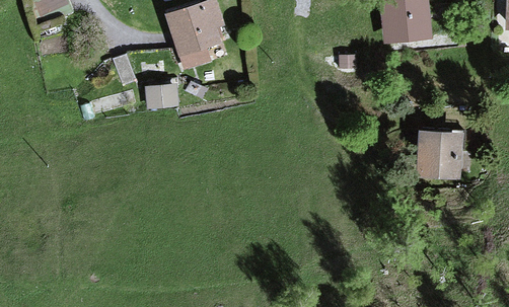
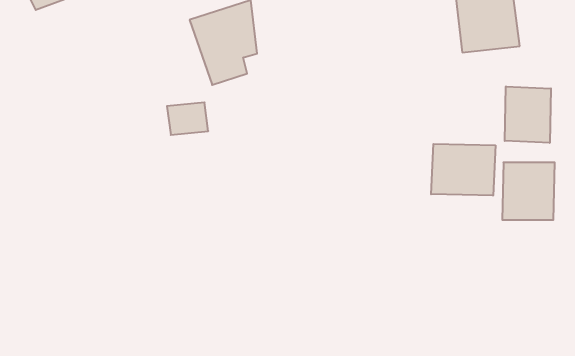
building: none -> [505,86,551,143]
building: none -> [431,144,495,196]

